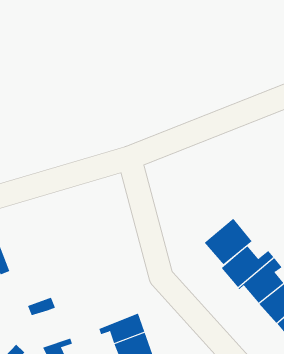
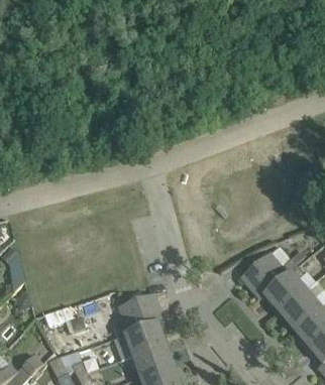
building: [204,218,252,265] -> none
building: none -> [113,291,164,337]

